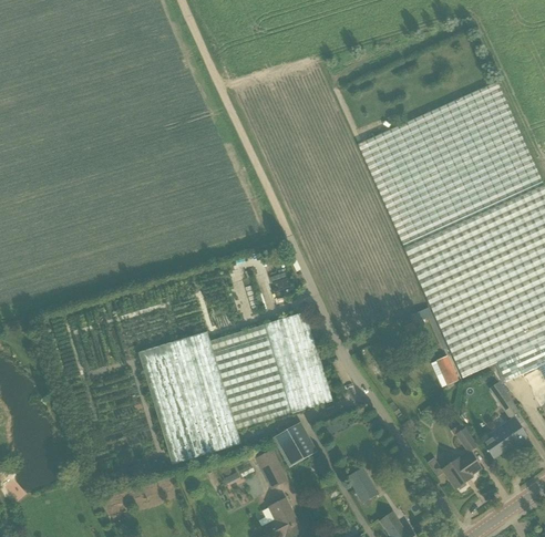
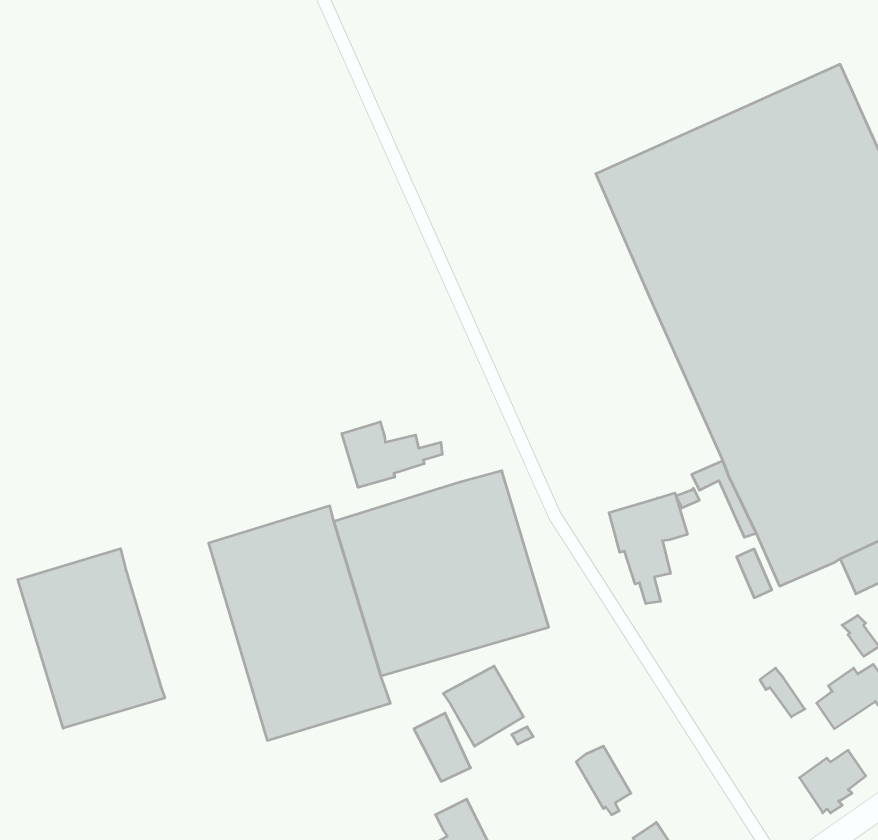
building: none -> [342,422,442,487]
building: none -> [609,493,687,604]
building: none -> [18,549,165,728]
building: [443,454,481,489] -> [799,750,866,813]

